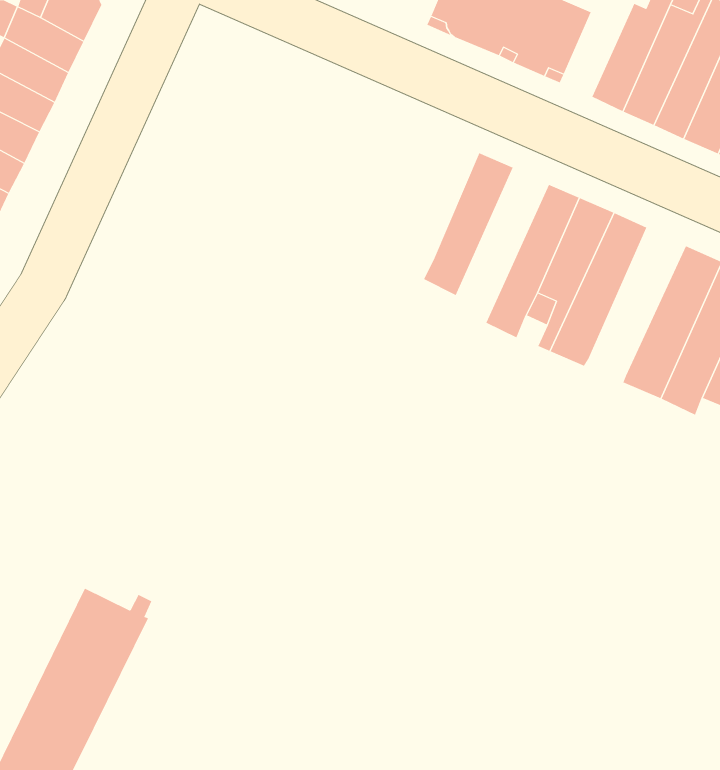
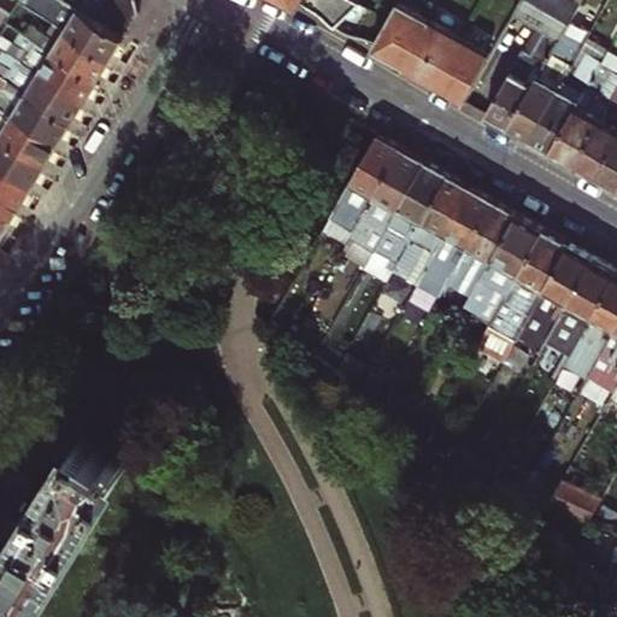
building: none -> [331,137,396,225]
building: none -> [370,164,445,275]
building: none -> [462,217,540,323]

